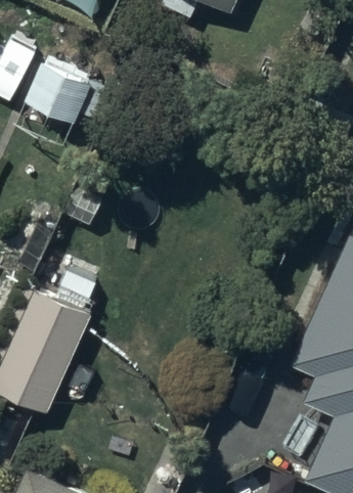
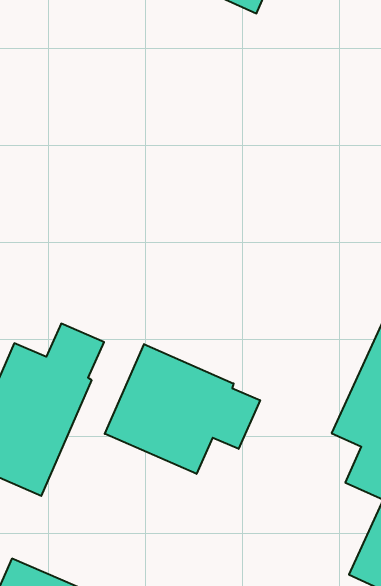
building: none -> [105,344,260,474]

